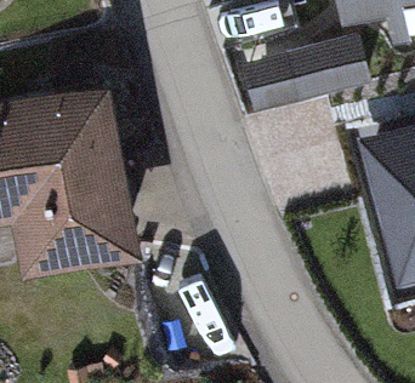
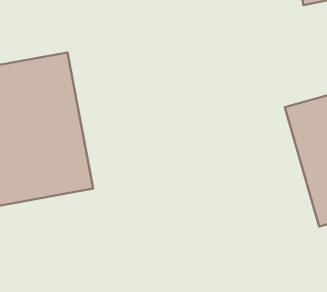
building: [241,29,375,110] -> none

